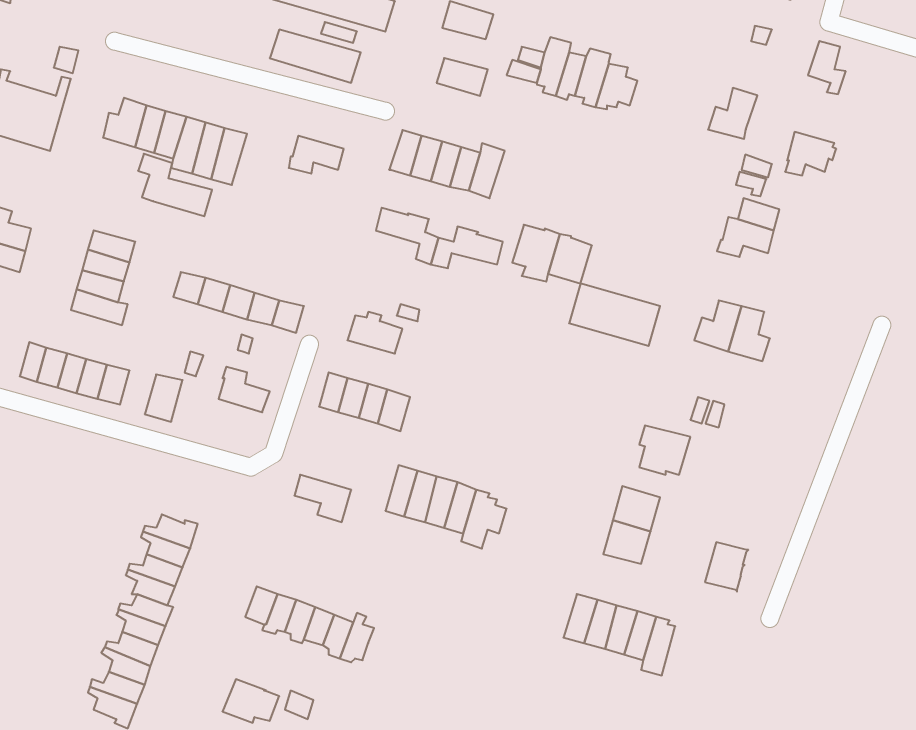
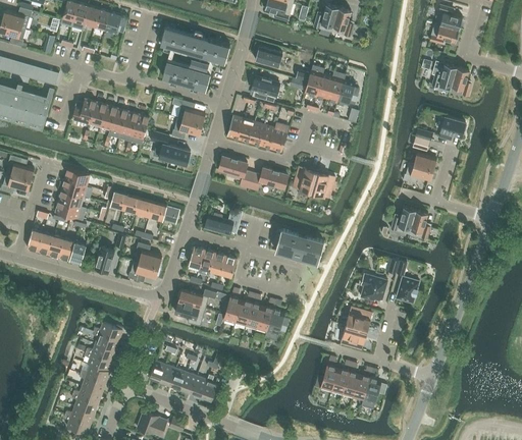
building: [708,88,757,139] -> [430,63,457,91]
building: none -> [171,98,204,125]
building: [138,154,212,216] -> [150,131,190,165]
building: [569,283,660,346] -> [274,229,323,263]
building: none -> [127,260,157,281]
building: none -> [176,289,216,309]
building: [705,542,748,592] -> [396,277,419,304]

